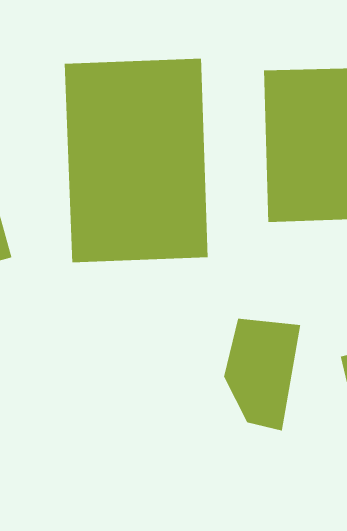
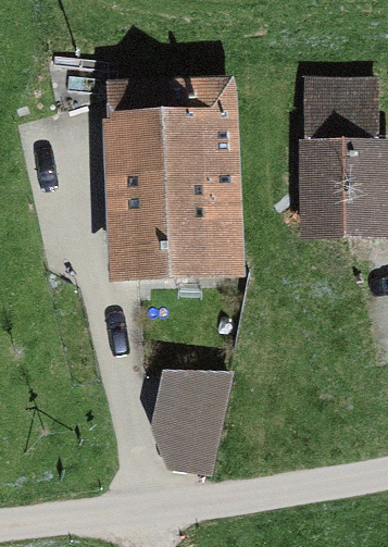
building: [223,318,301,432] -> [150,369,227,482]

